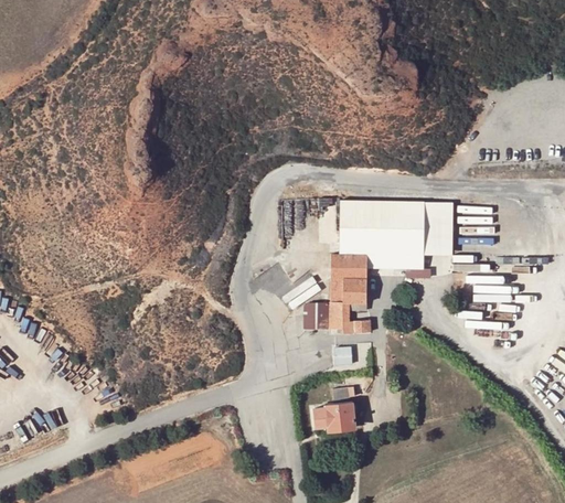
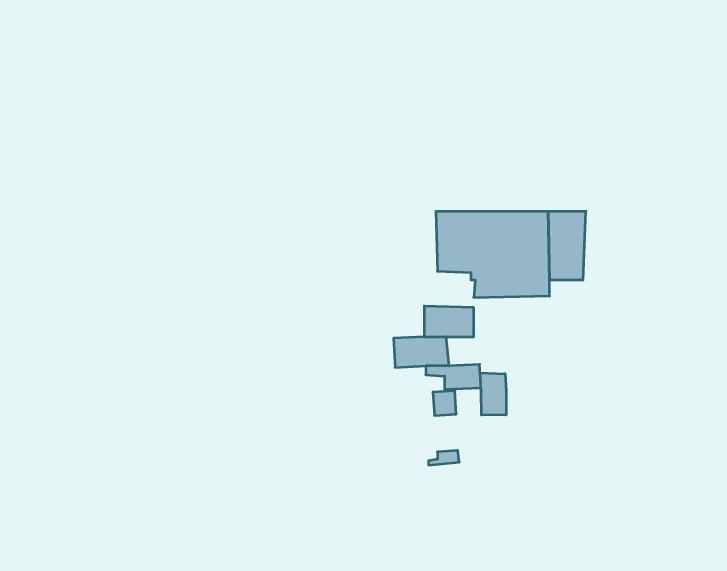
building: [329,255,366,277] -> none
building: none -> [480,373,506,415]
building: [315,403,353,429] -> none

